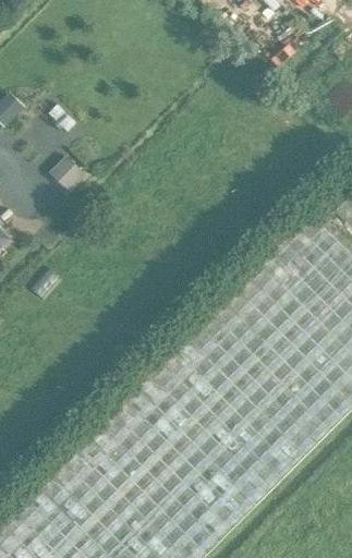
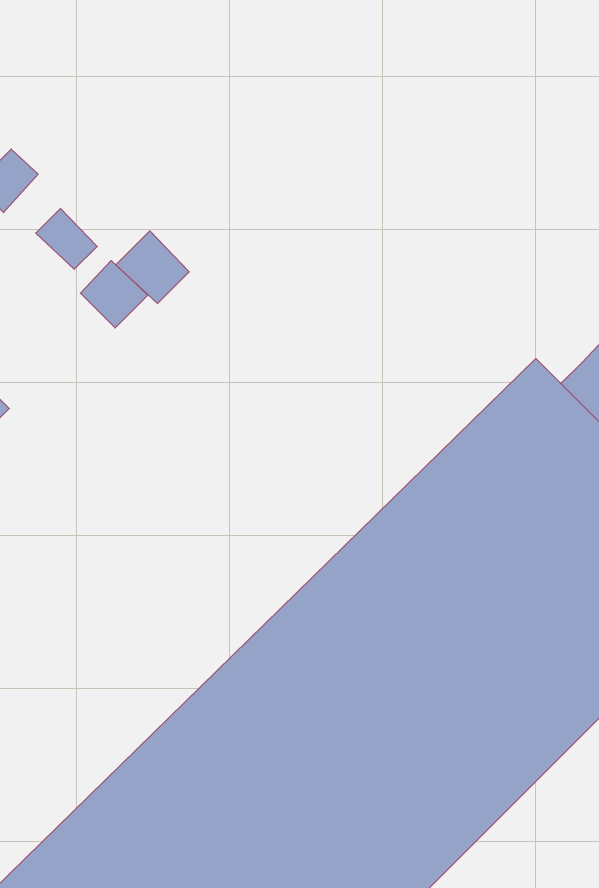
building: none -> [36,209,97,269]
building: none -> [116,231,189,304]

